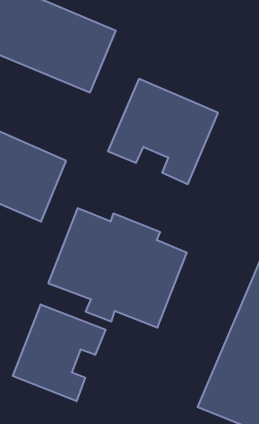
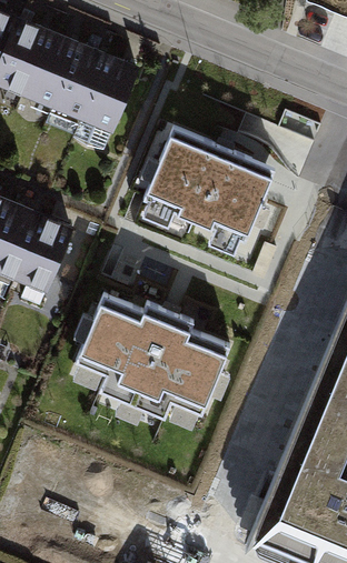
building: [13,304,106,401] -> none

